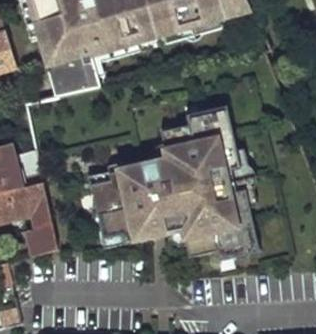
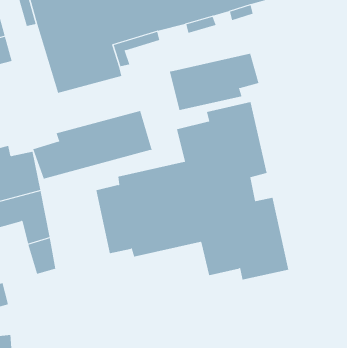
building: none -> [169,53,259,111]
building: none -> [32,110,152,179]

